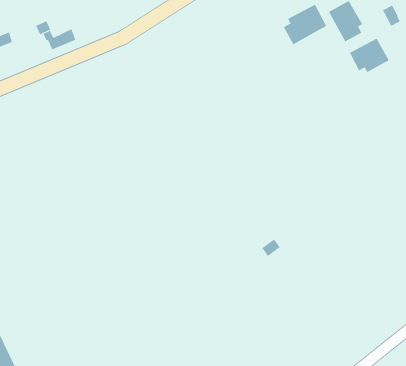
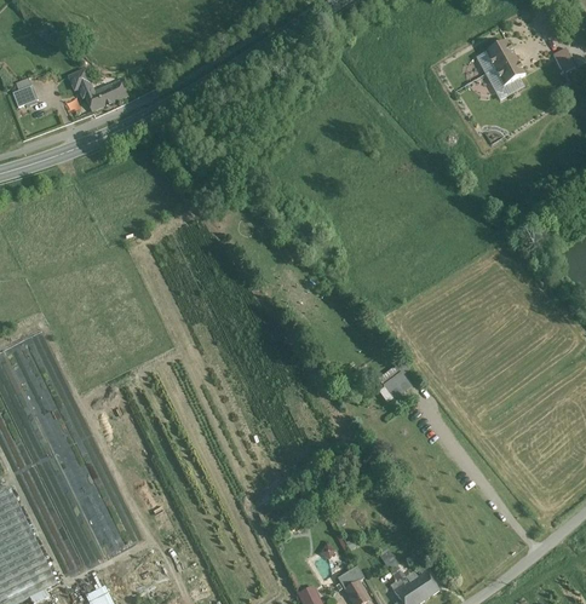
building: [283,4,327,45] -> none
building: [349,38,389,73] -> none

